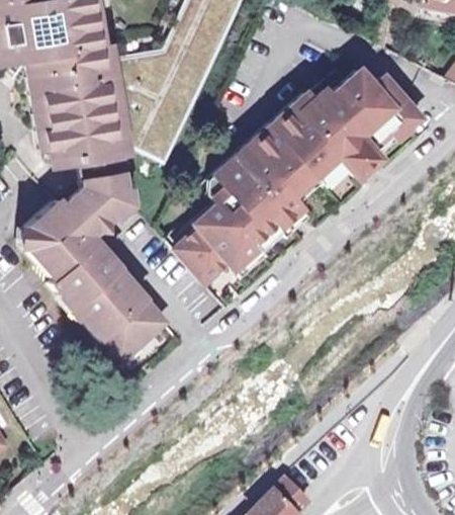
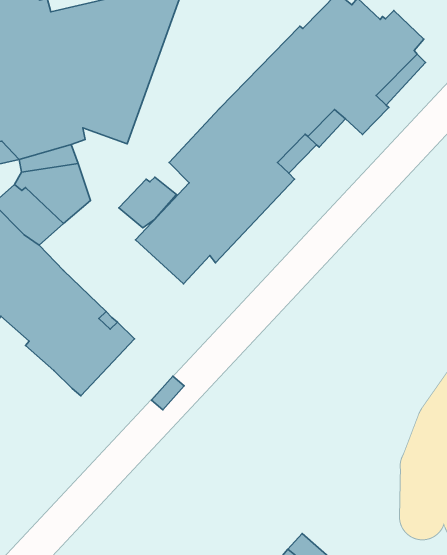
building: none -> [119,177,177,228]

